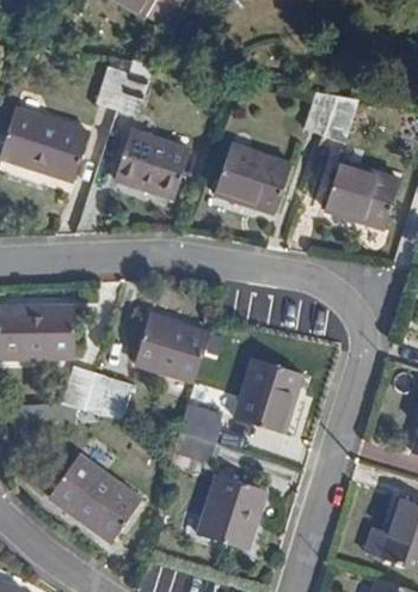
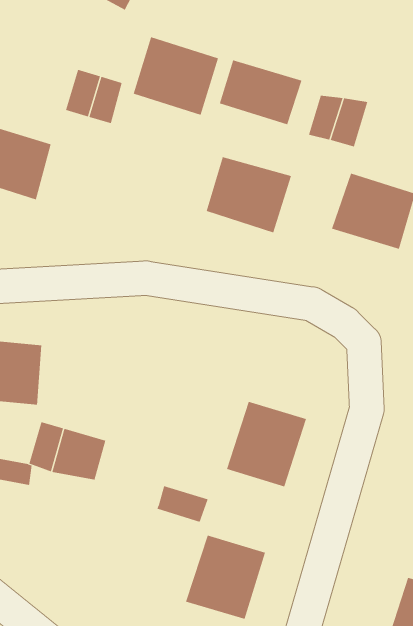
building: none -> [219,60,302,125]
building: [113,130,189,200] -> [133,36,219,116]
building: [135,323,210,389] -> none
building: [180,405,226,444] -> none
building: [43,453,135,541] -> none

